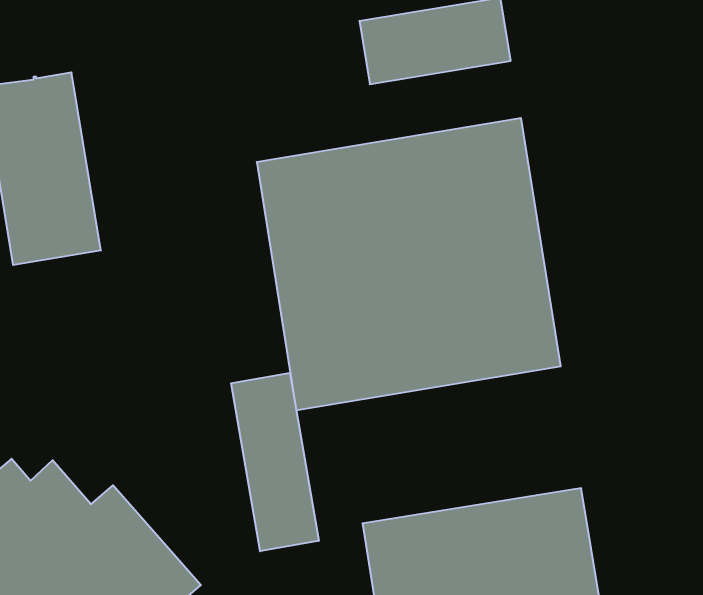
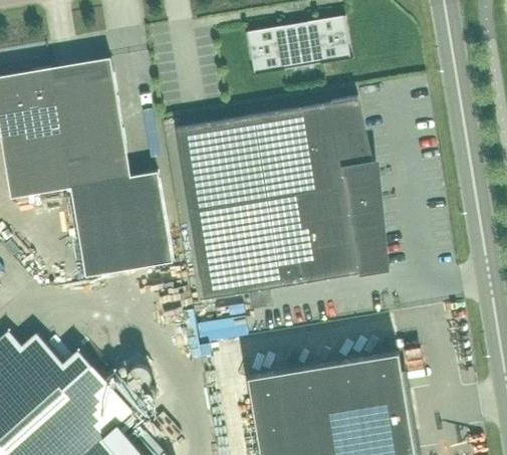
building: none -> [50,57,173,277]
building: [231,373,319,551] -> none

